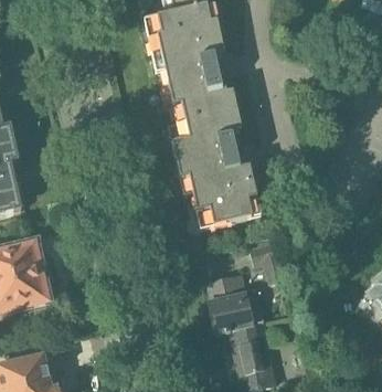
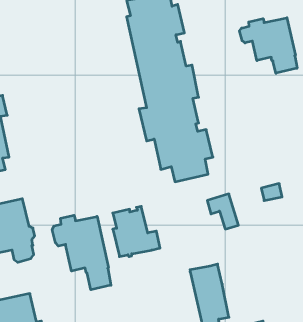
building: none -> [239,18,297,73]
building: none -> [52,215,111,290]
building: [209,275,264,333] -> [113,206,160,257]

